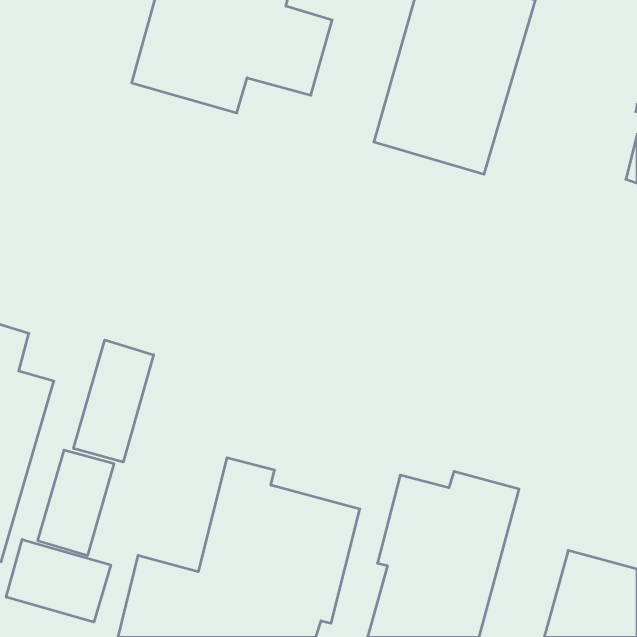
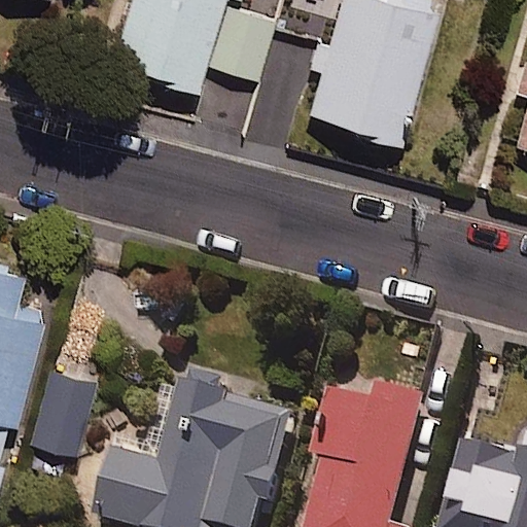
building: [74,340,154,462] -> none
building: [6,539,111,622] -> none

